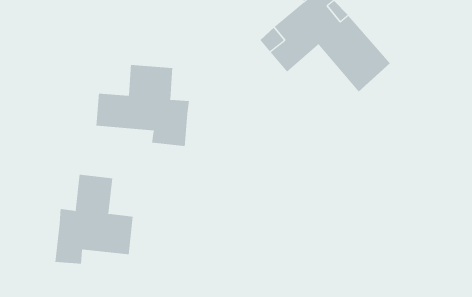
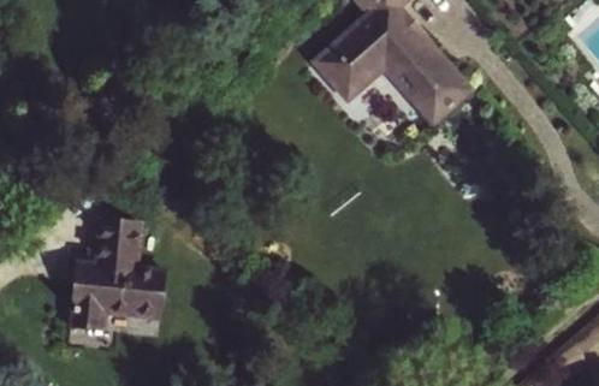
building: [96,64,190,147] -> none

